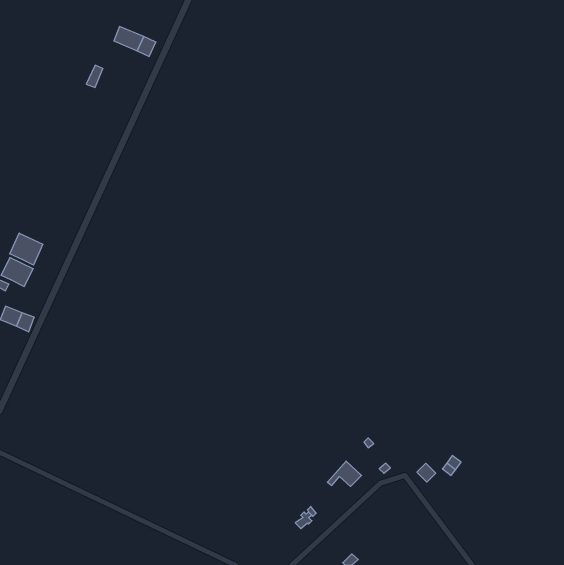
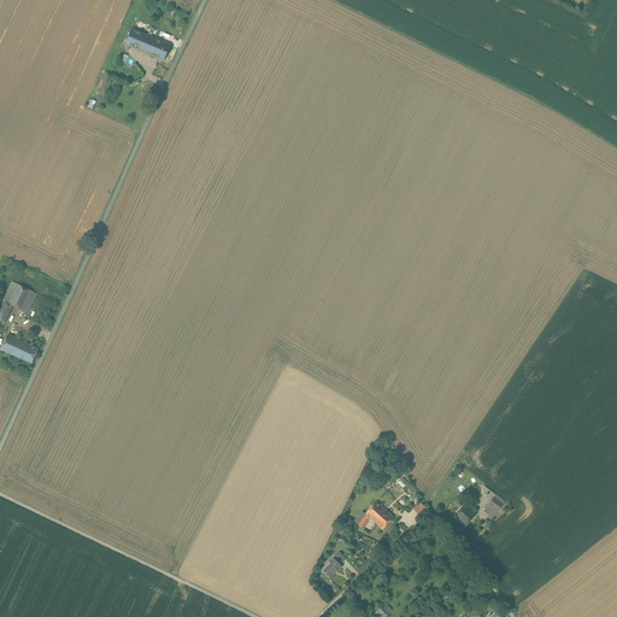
building: [10,233,43,265] -> none

